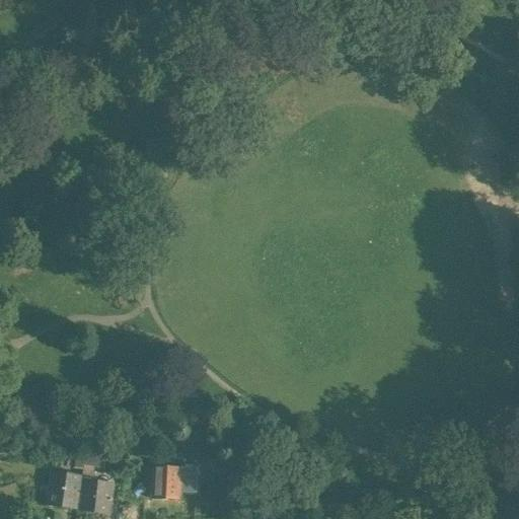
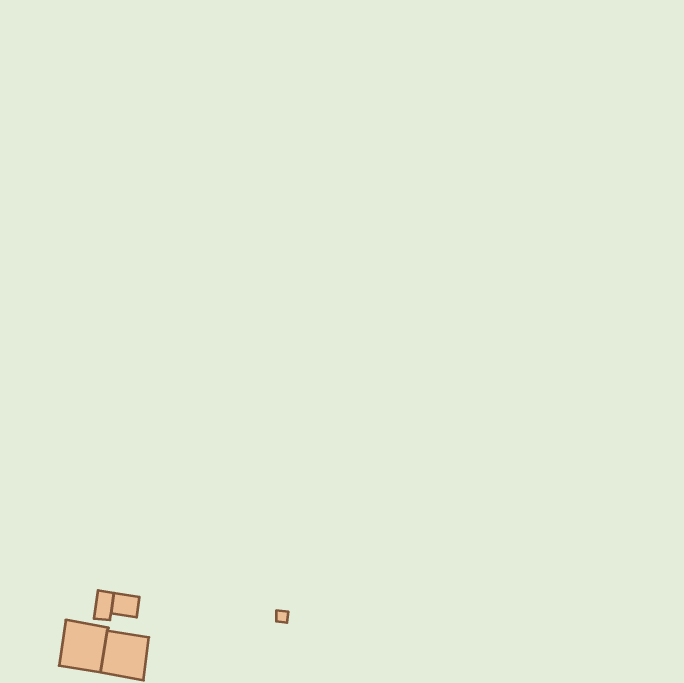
building: [151,464,195,498] -> none

